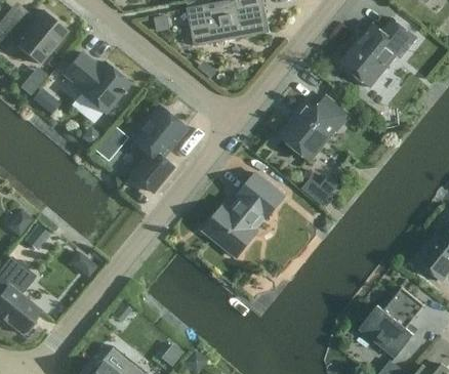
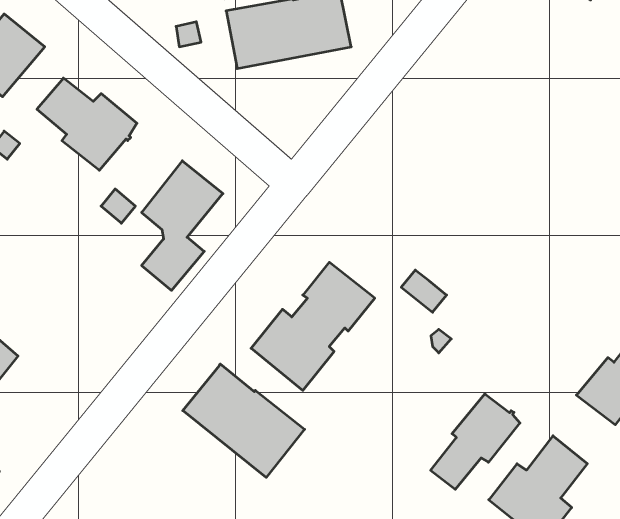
building: [339,18,416,87] -> none
building: [282,98,350,160] -> none
building: none -> [183,364,305,477]
building: none -> [431,394,520,489]

